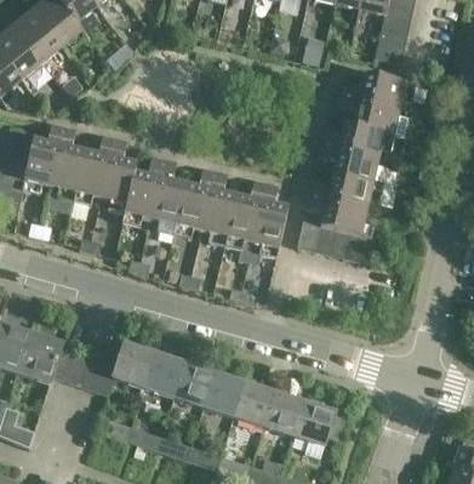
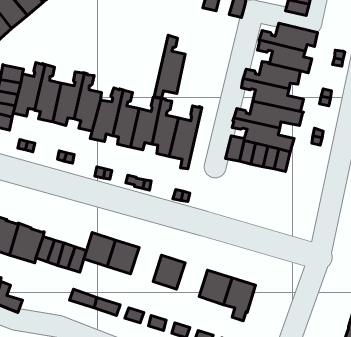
building: [247,182,287,263] -> [154,35,185,98]
building: [173,363,213,406] -> none
building: [233,382,273,426] -> none

